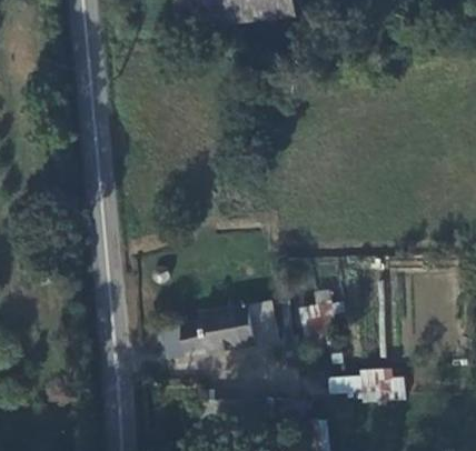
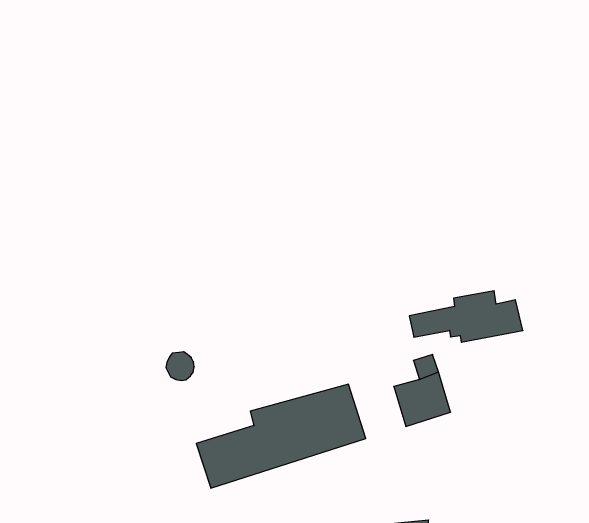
building: [333,369,407,400] -> [409,291,523,342]

